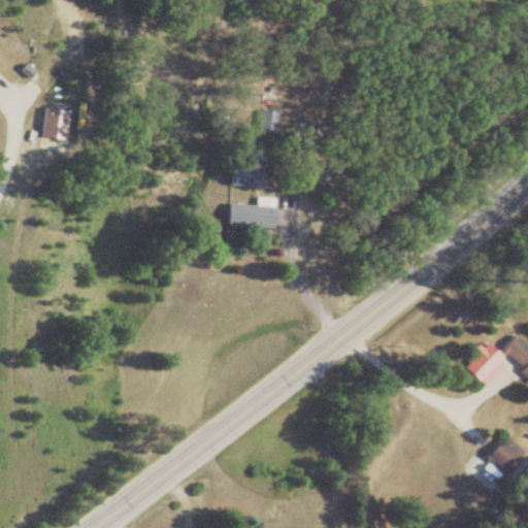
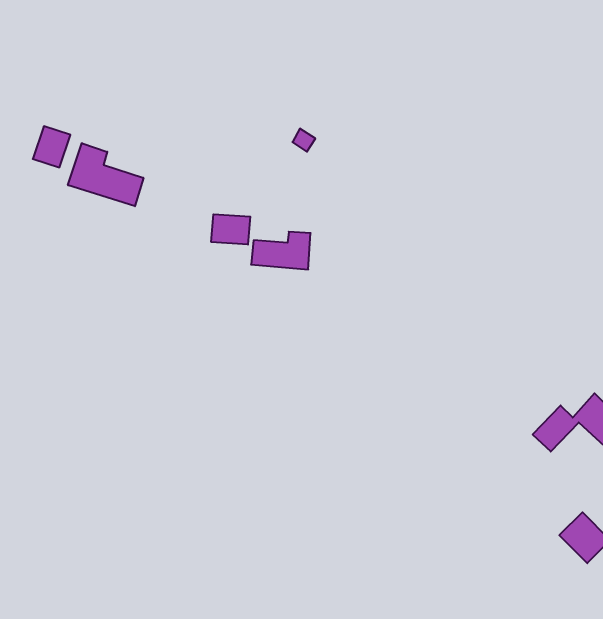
building: none -> [68,143,143,206]
building: none -> [211,214,250,245]

